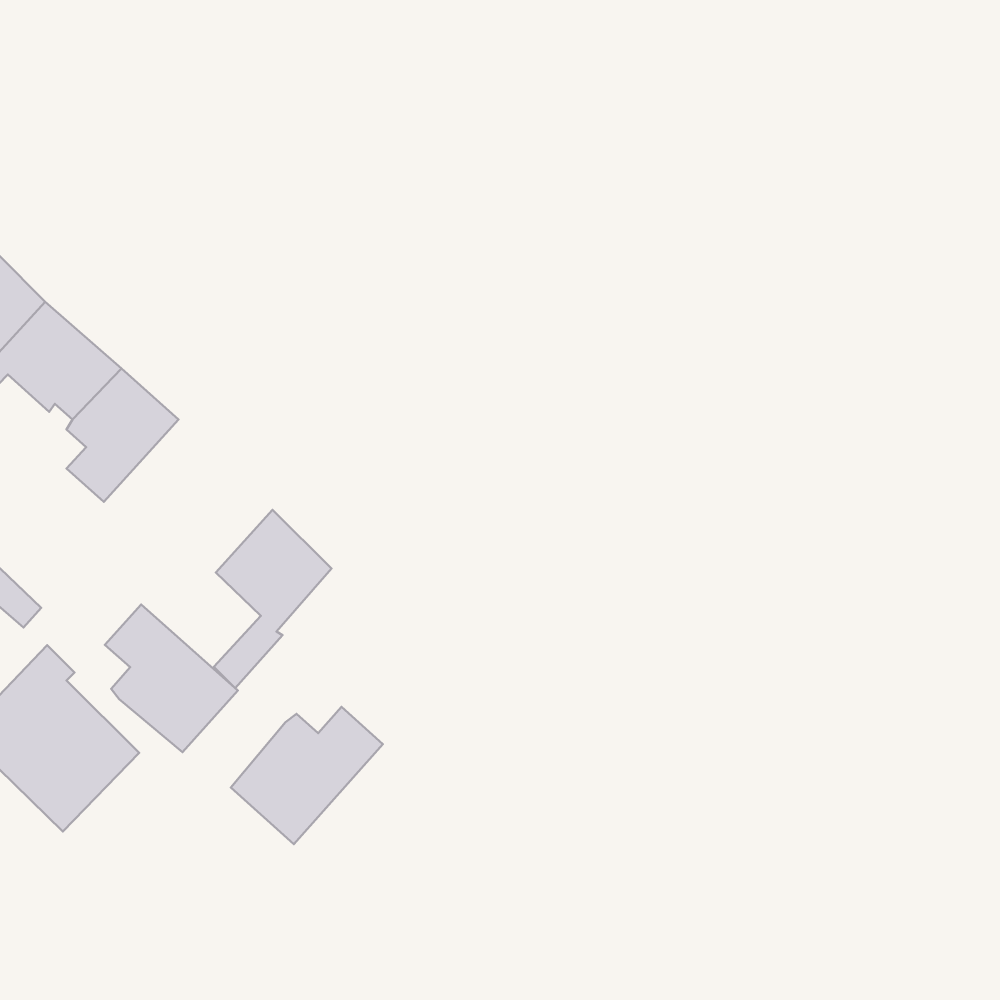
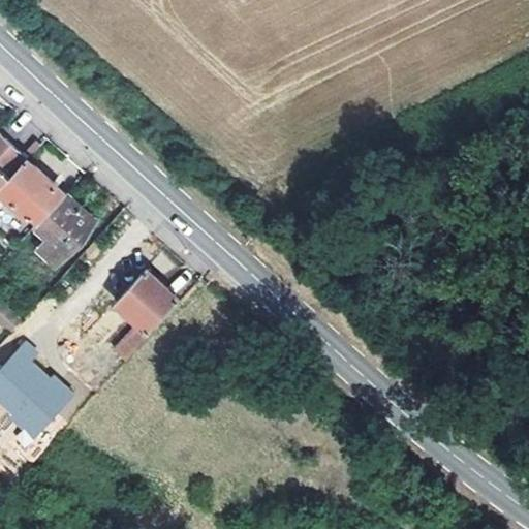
building: [105,604,238,752] -> none
building: [231,707,383,844] -> none

